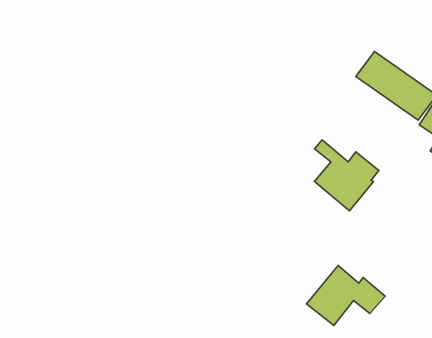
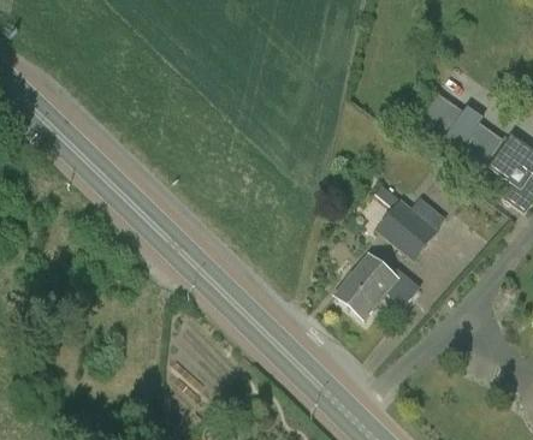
building: [306,266,385,326] -> [334,254,421,320]

